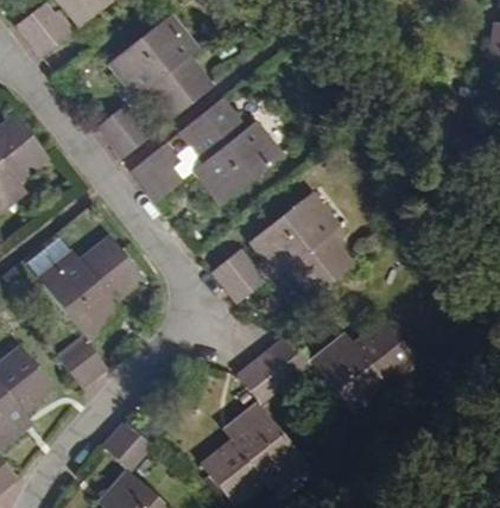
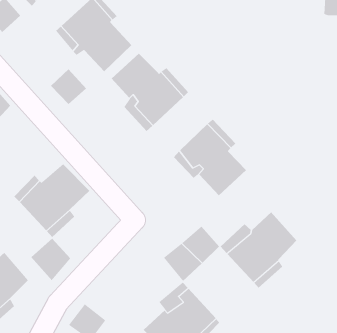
building: [129,147,176,195] -> none
building: [213,250,260,298] -> none

